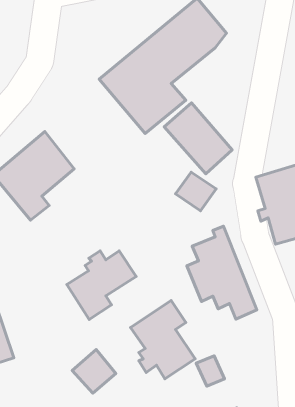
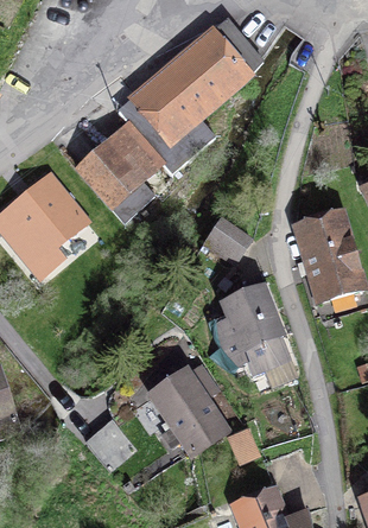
building: [164,103,232,174] -> [76,141,153,222]
building: [67,251,136,319] -> none

